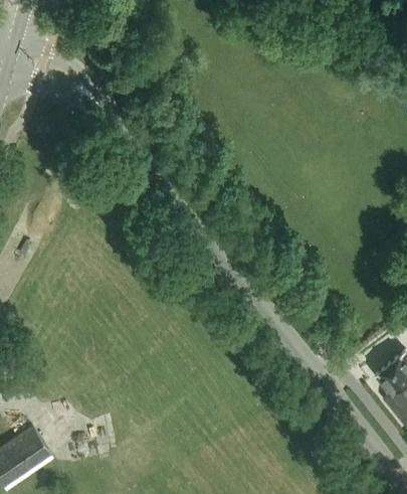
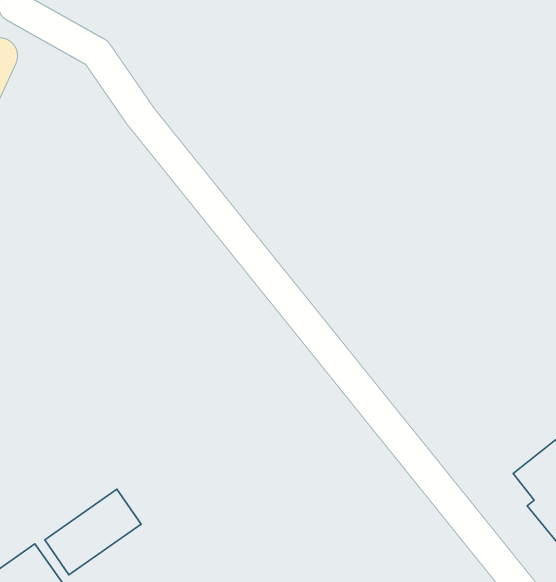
building: none -> [45,489,141,575]

